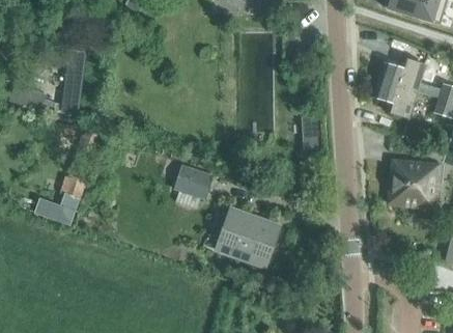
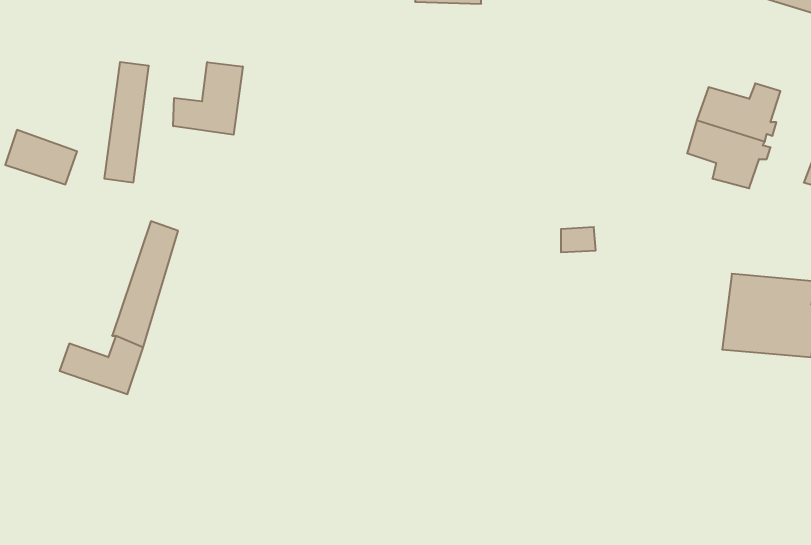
building: none -> [173,62,243,135]
building: [173,164,213,199] -> none
building: [215,207,278,266] -> none

